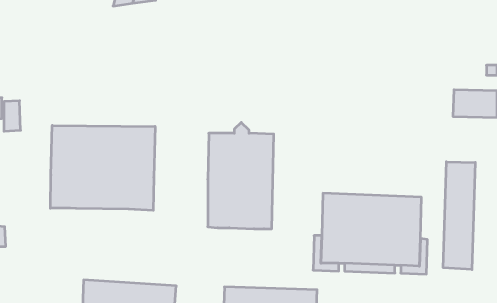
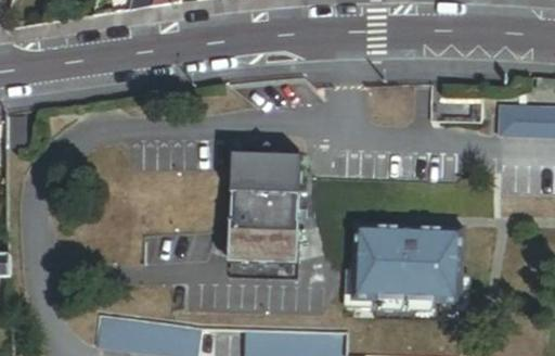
building: [50,125,155,210] -> none
building: [443,162,475,270] -> none

